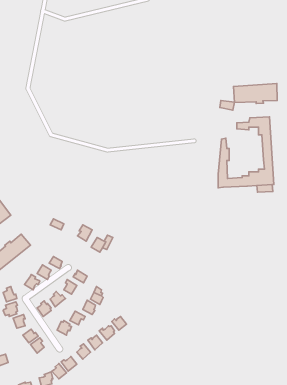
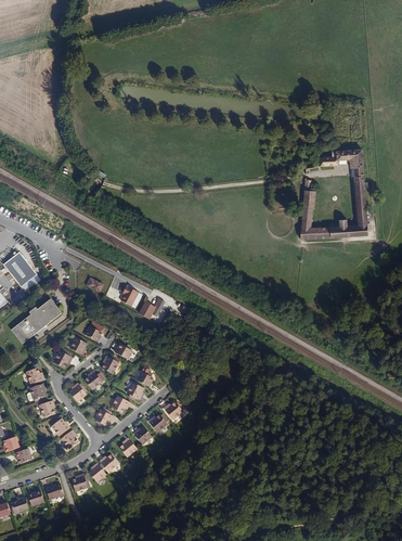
building: [233,84,277,103] -> none

